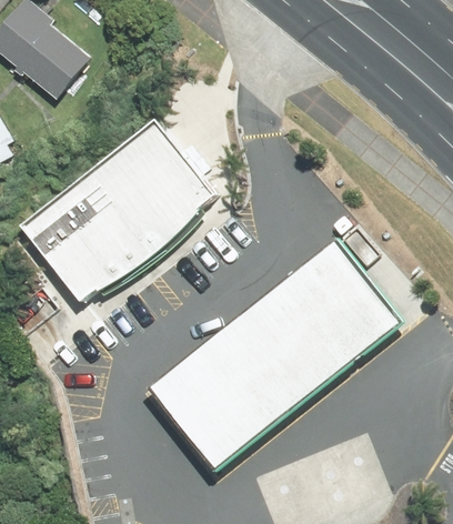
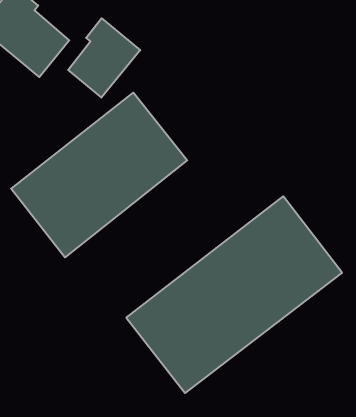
building: none -> [68,18,140,98]

